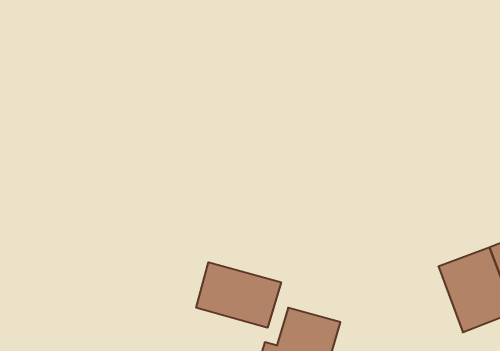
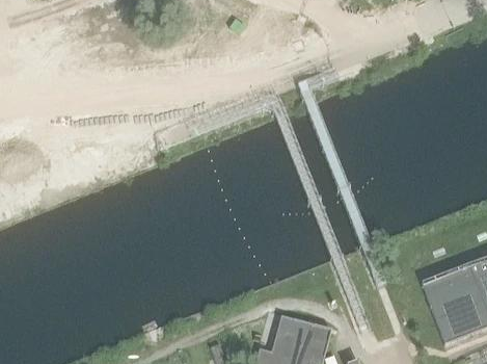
building: [196,262,281,328] -> none

